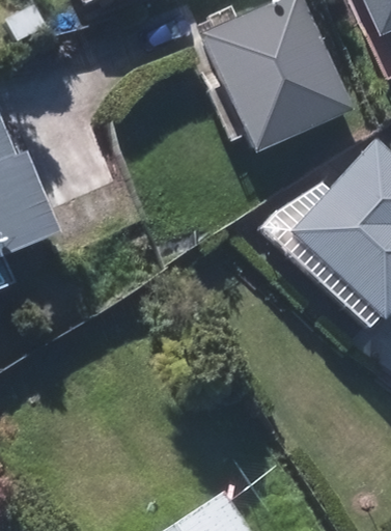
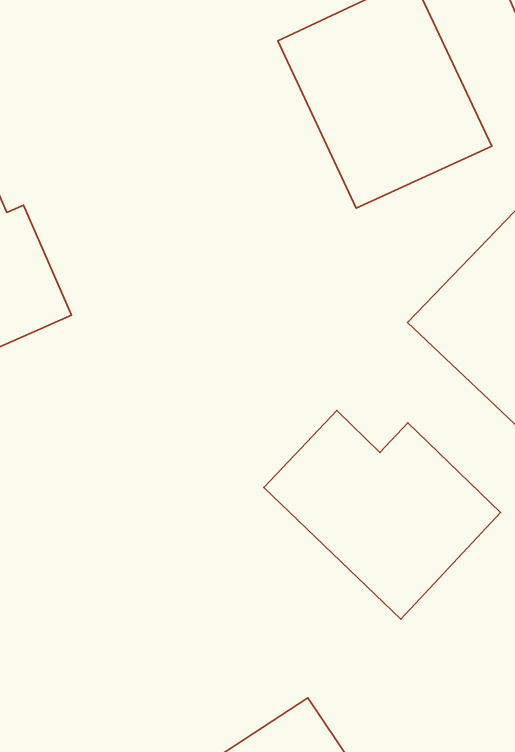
building: none -> [264,411,500,619]

